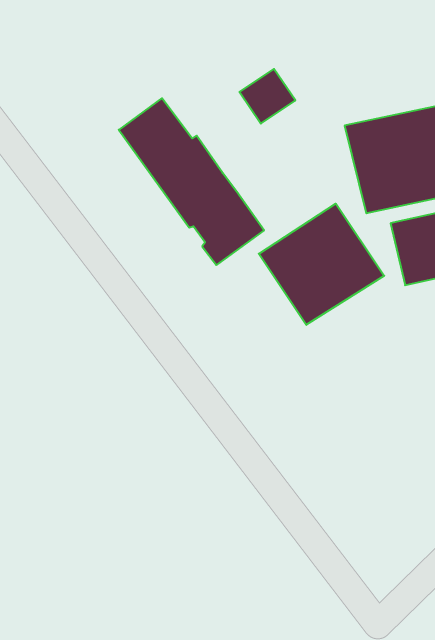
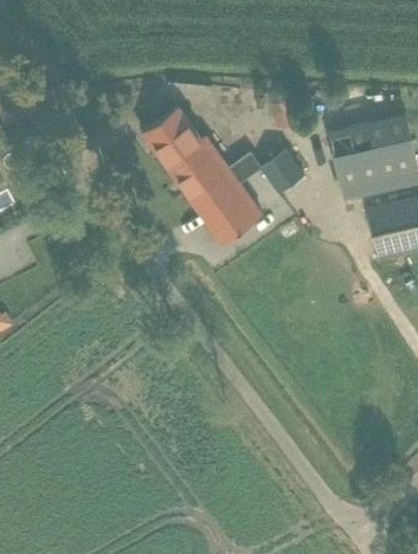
building: [239,69,295,124] -> [258,149,304,194]
building: [259,204,384,325] -> none

